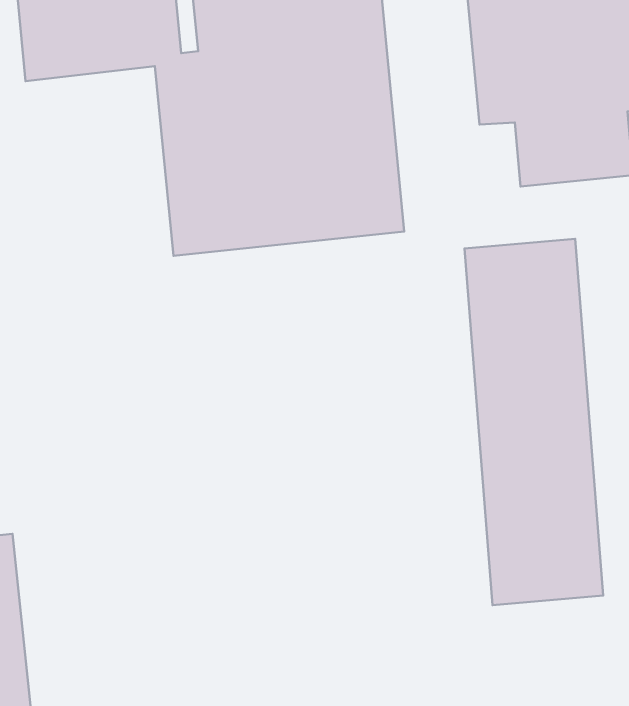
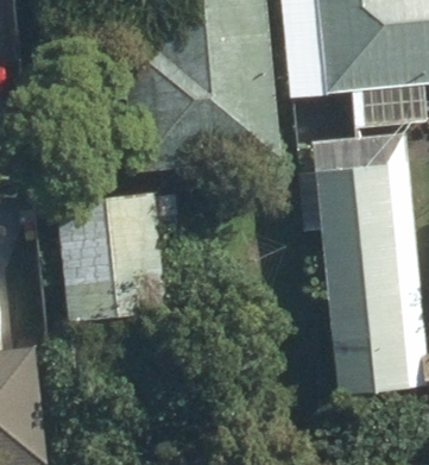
building: none -> [55,193,178,321]

